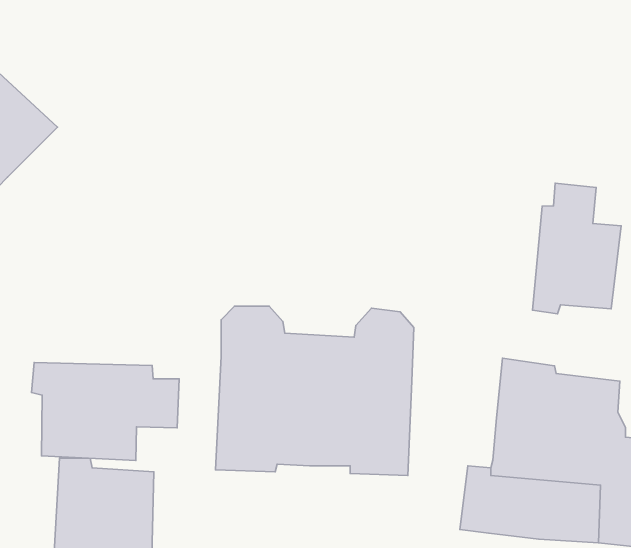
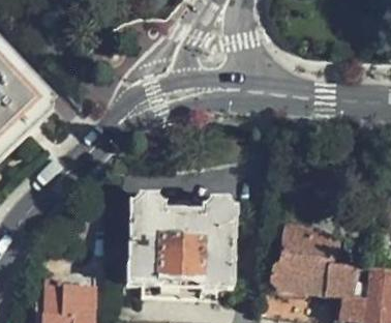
building: [533,183,621,314] -> none
building: [32,363,179,461] -> none

